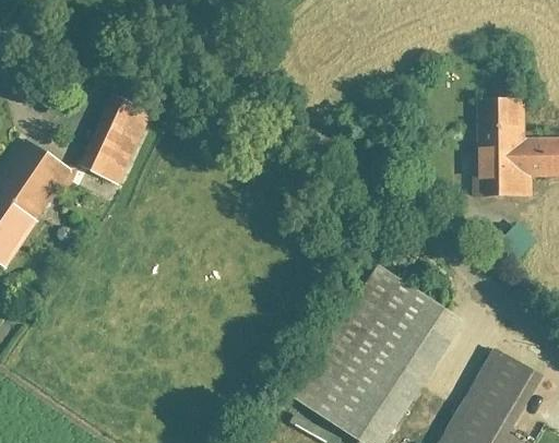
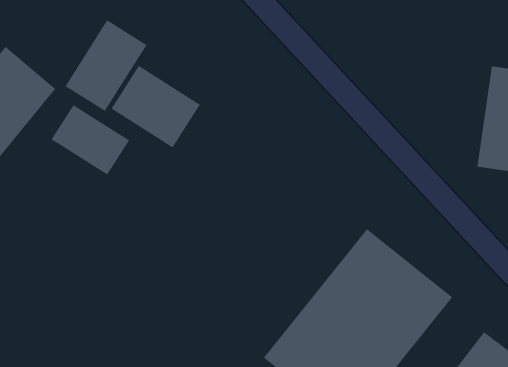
building: none -> [110,65,201,149]
building: none -> [51,104,130,175]

